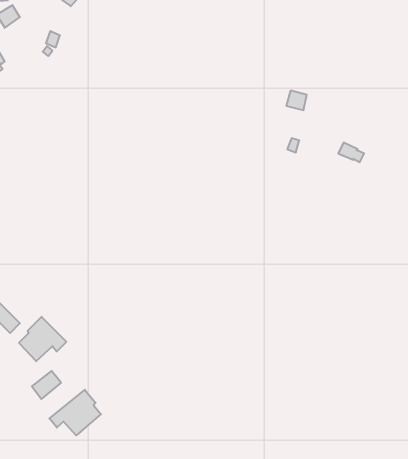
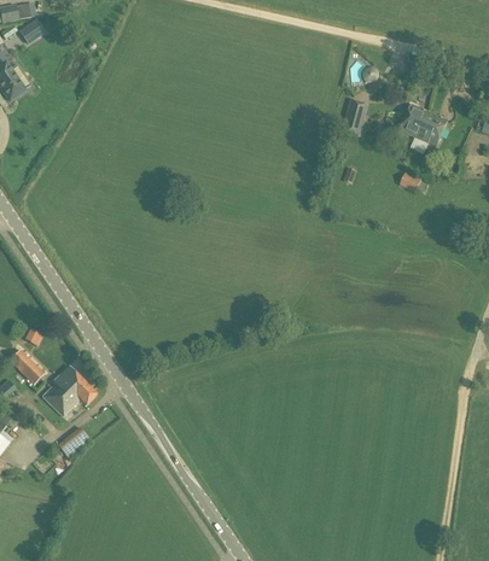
building: none -> [400,104,446,144]
building: [49,390,101,435] -> none

